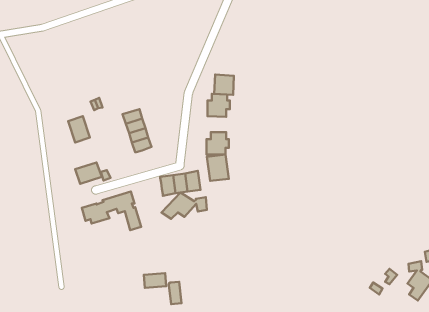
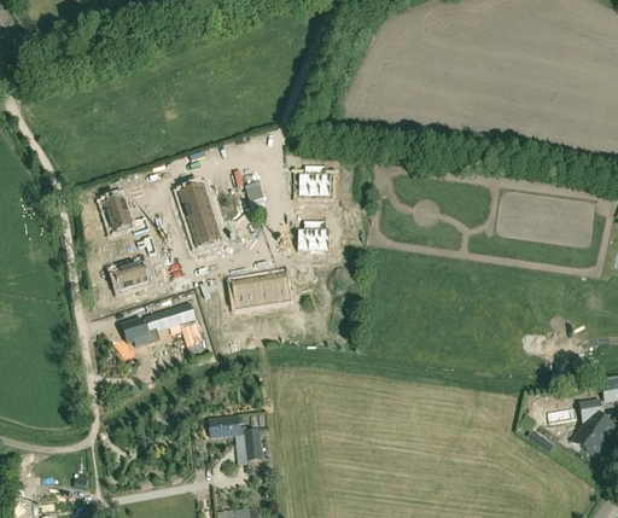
building: [214,75,234,95] -> none
building: [207,155,229,181] -> none
building: [162,193,207,219] -> none

